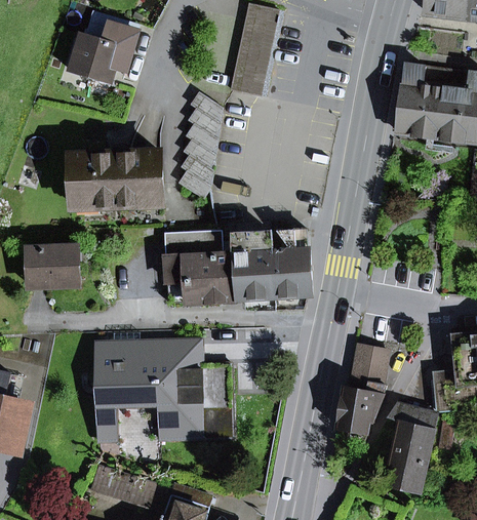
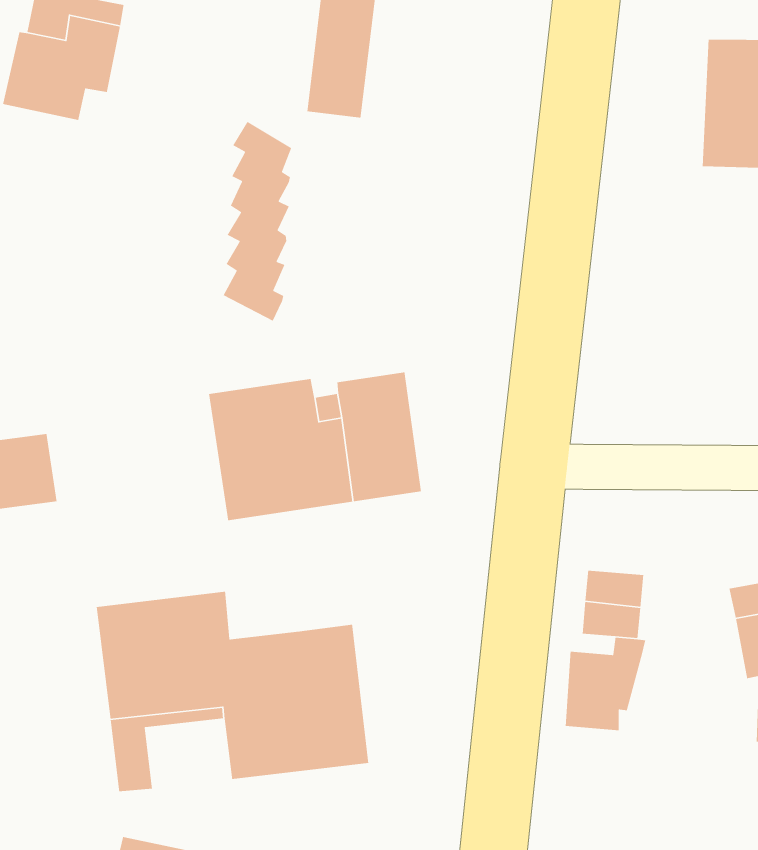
building: [397,66,446,138] -> none
building: [72,154,161,207] -> none
building: [270,231,310,297] -> none
building: [164,339,201,366] -> none
building: [387,404,436,492] -> none

